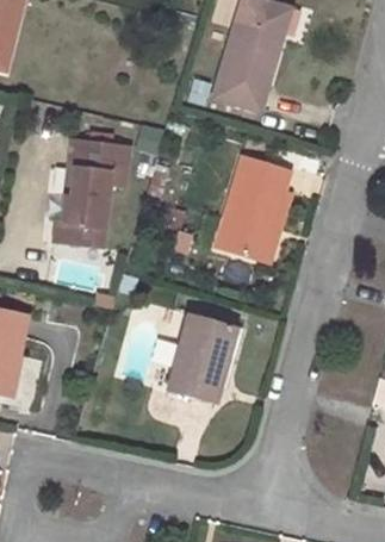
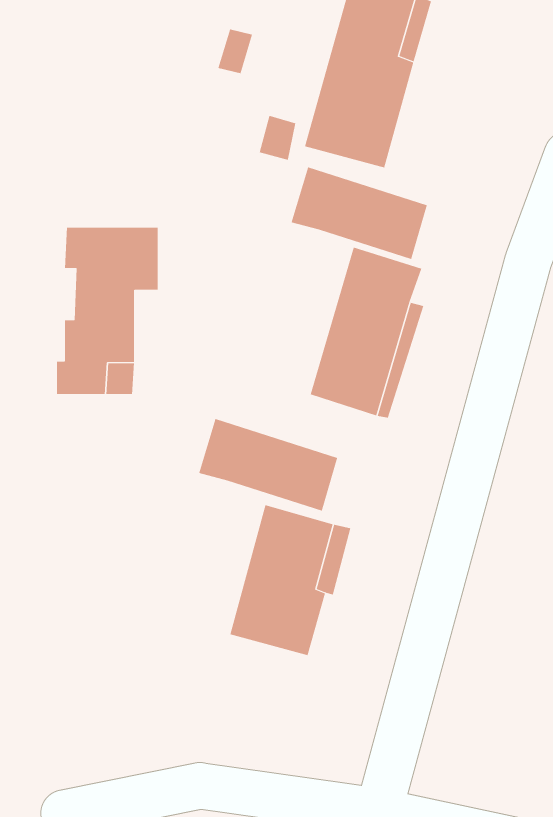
building: none -> [291,166,427,260]
building: none -> [198,418,338,512]

